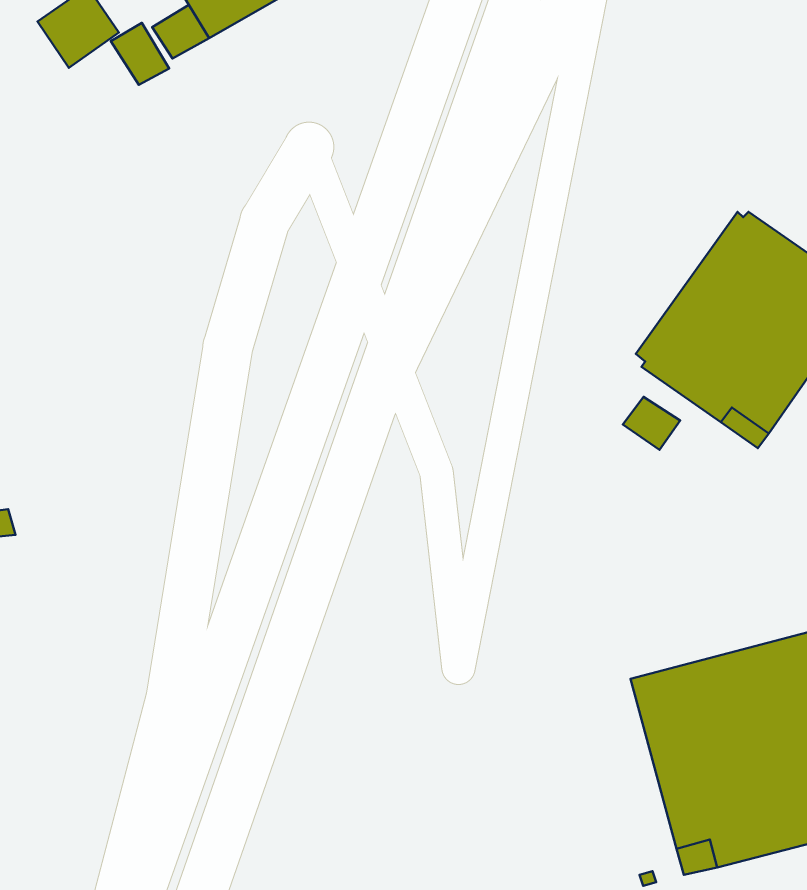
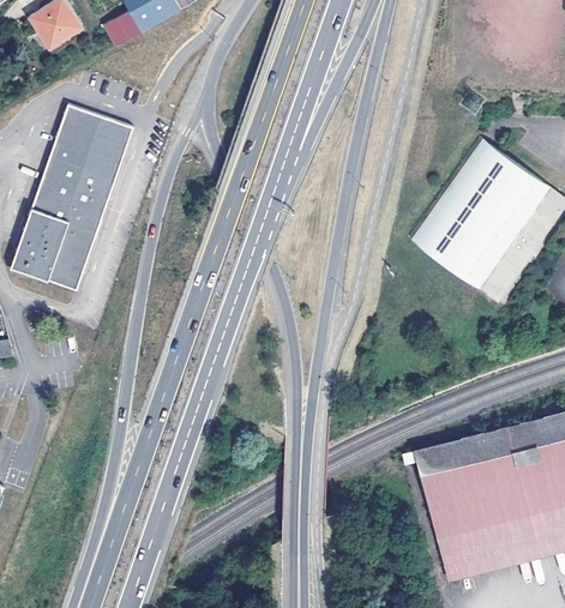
building: [111,23,169,85] -> none
building: none -> [11,103,130,289]
building: [623,397,680,450] -> none

